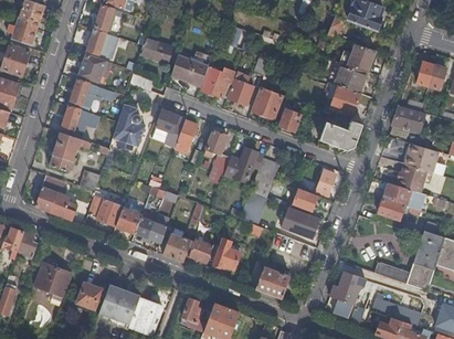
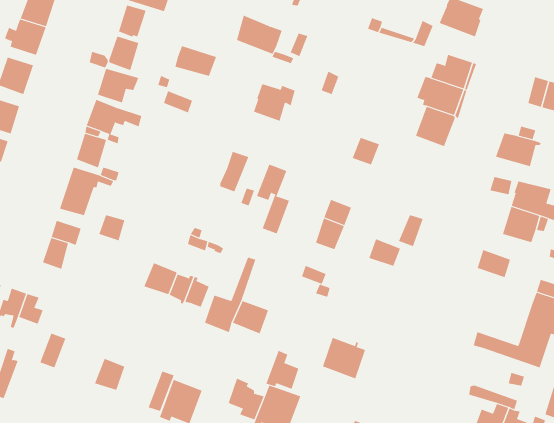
building: [171,55,208,86] -> [236,15,283,54]
building: [226,76,253,106] -> none
building: [251,88,282,118] -> none
building: [113,104,145,150] -> none
building: [156,109,180,146] -> none
building: [319,120,361,150] -> none
building: [225,147,257,181] -> none
building: [382,182,426,211] -> none
building: [88,190,123,226] -> none
building: [51,192,76,221] -> none
building: [281,206,319,239] -> none
building: [213,239,240,269] -> [266,350,299,390]
building: [329,263,381,311] -> none
building: [45,267,71,297] -> none
building: [98,285,129,321] -> none

